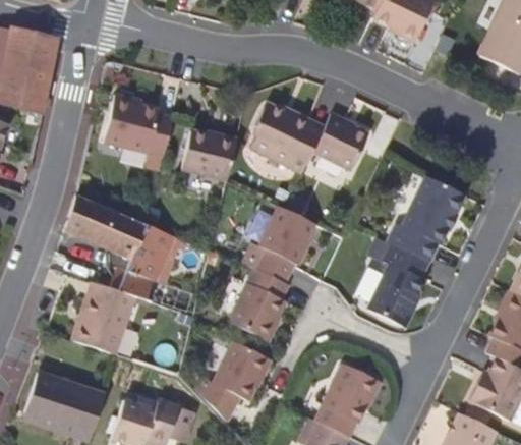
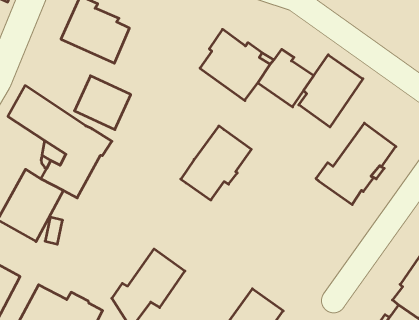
building: none -> [299,55,363,127]
building: [182,125,237,176] -> [74,76,131,130]
building: [368,241,430,324] -> none
building: [230,267,289,339] -> none

